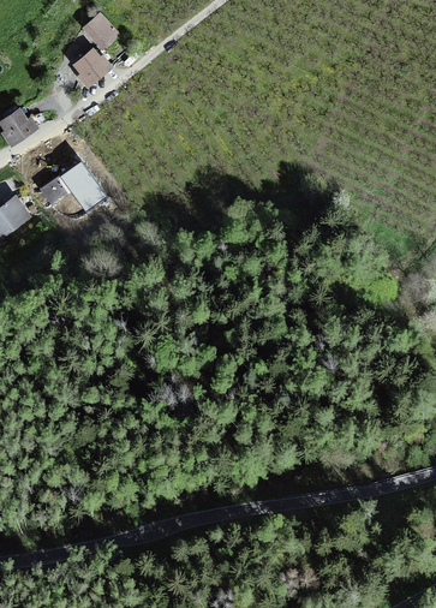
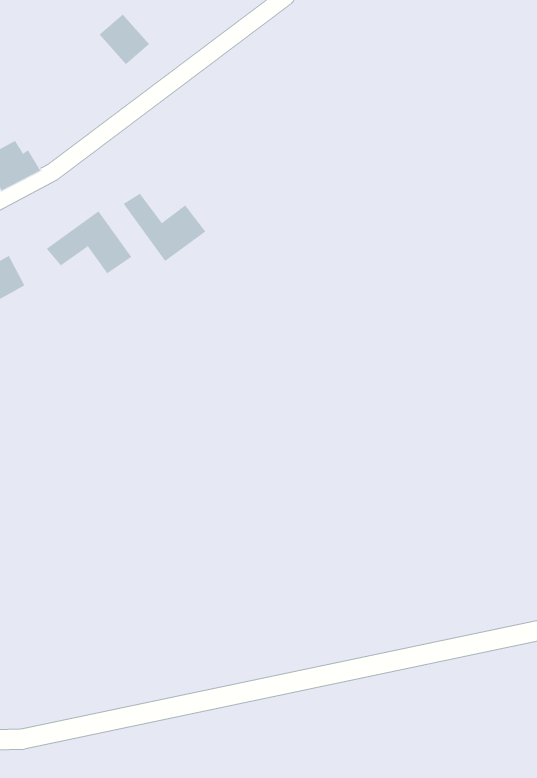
building: [67,47,111,88] -> none
building: none -> [123,193,206,262]

